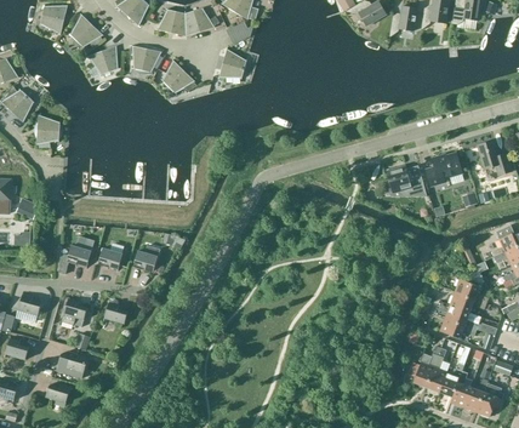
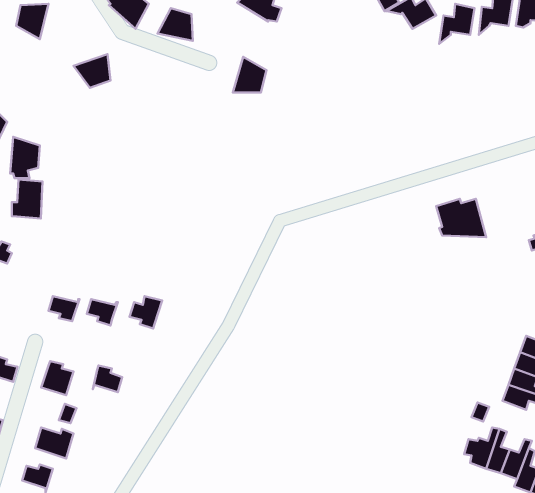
building: [184,7,213,35] -> none
building: [70,15,103,47] -> none
building: [132,45,161,72] -> none
building: [161,59,196,92] -> none
building: none -> [12,179,42,219]
building: [426,152,462,186] -> none

